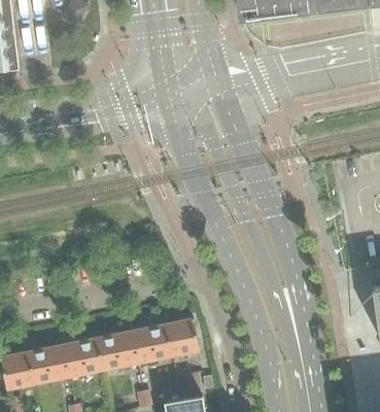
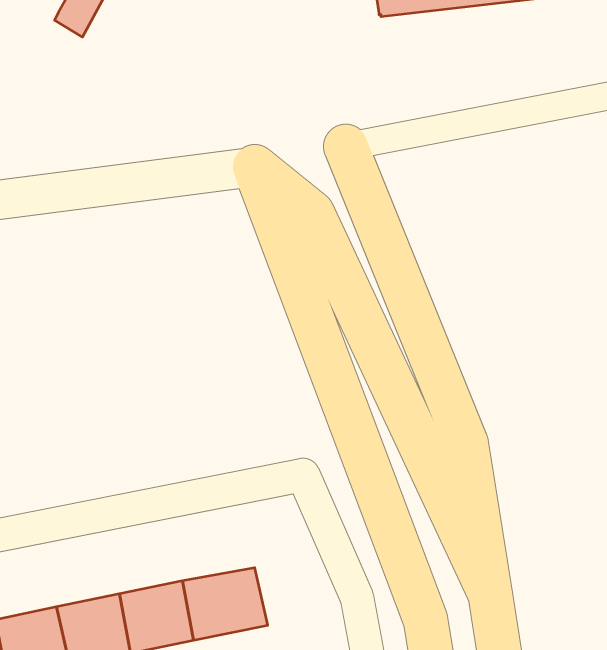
building: [172,318,200,355] -> none

